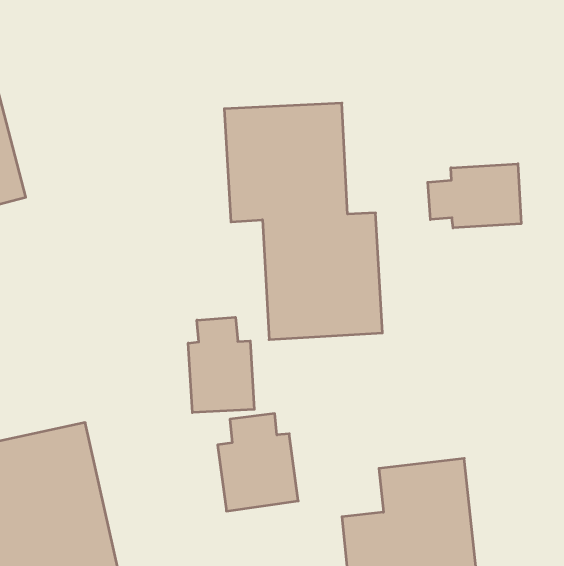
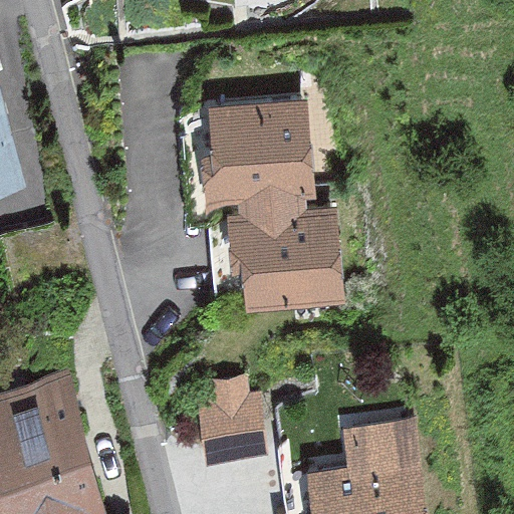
building: [428,164,521,228] -> none
building: [188,317,254,413] -> none

